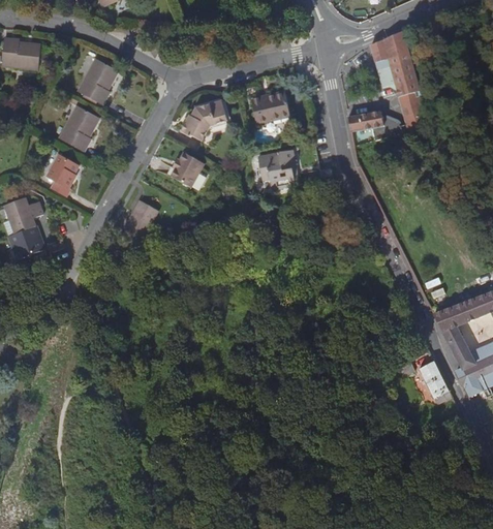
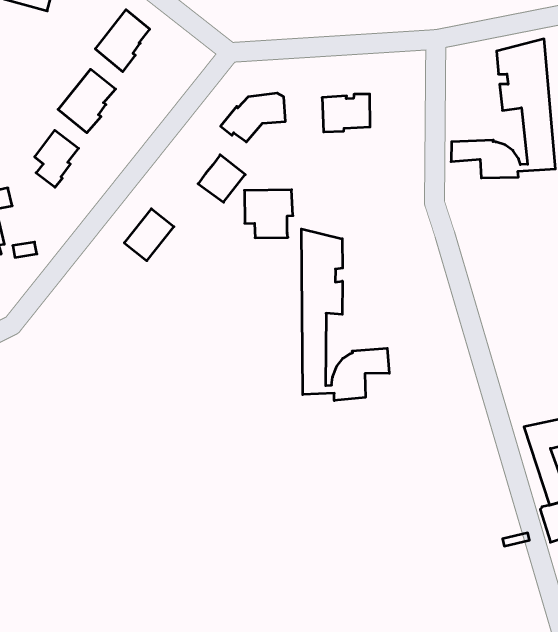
building: [257,150,296,189] -> [244,190,293,238]
building: none -> [301,229,389,401]
building: [412,362,443,399] -> none

